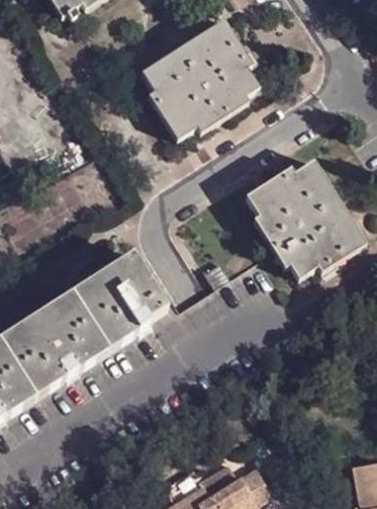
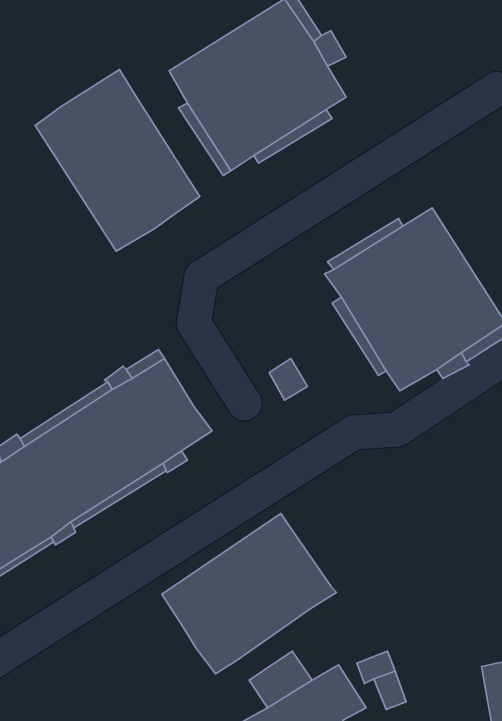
building: none -> [35,69,200,251]
building: none -> [162,514,337,674]

